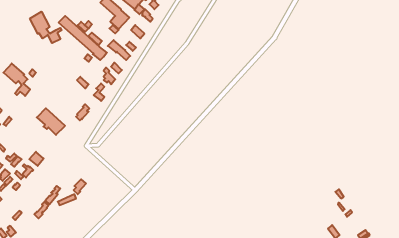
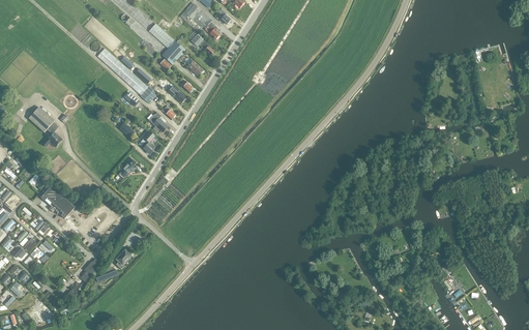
building: [30,12,62,43] -> none
building: [37,108,65,135] -> [39,184,75,217]

